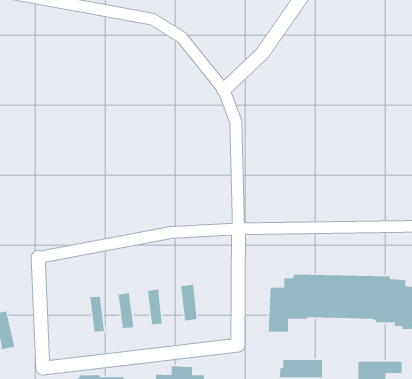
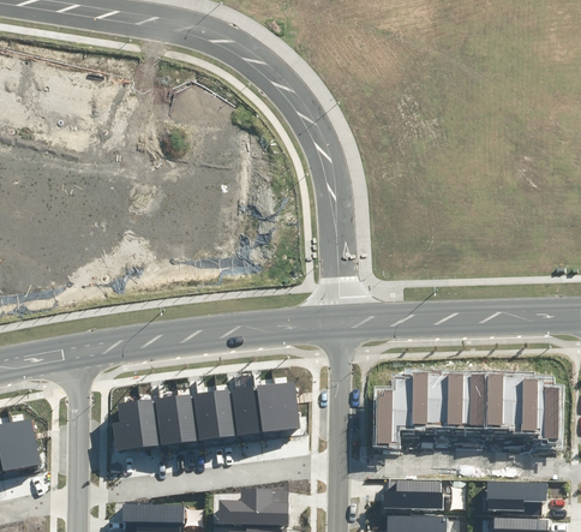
building: none -> [272,382,298,430]
building: none -> [229,385,257,436]
building: none -> [191,391,217,441]
building: none -> [152,396,179,446]
building: none -> [110,400,142,450]

